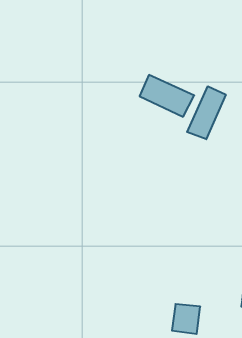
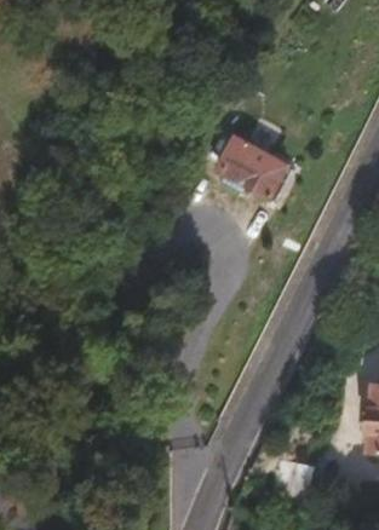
building: [187,86,226,139] -> none

